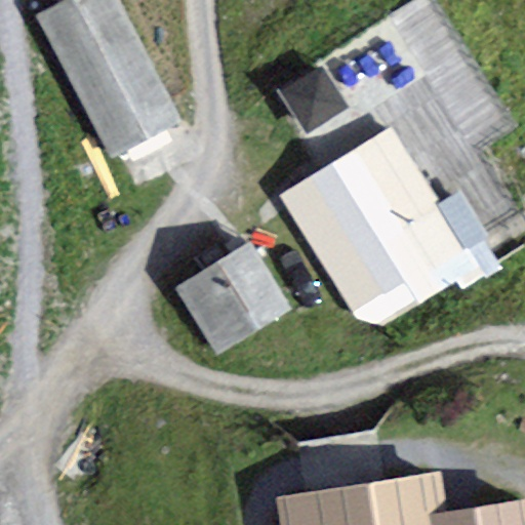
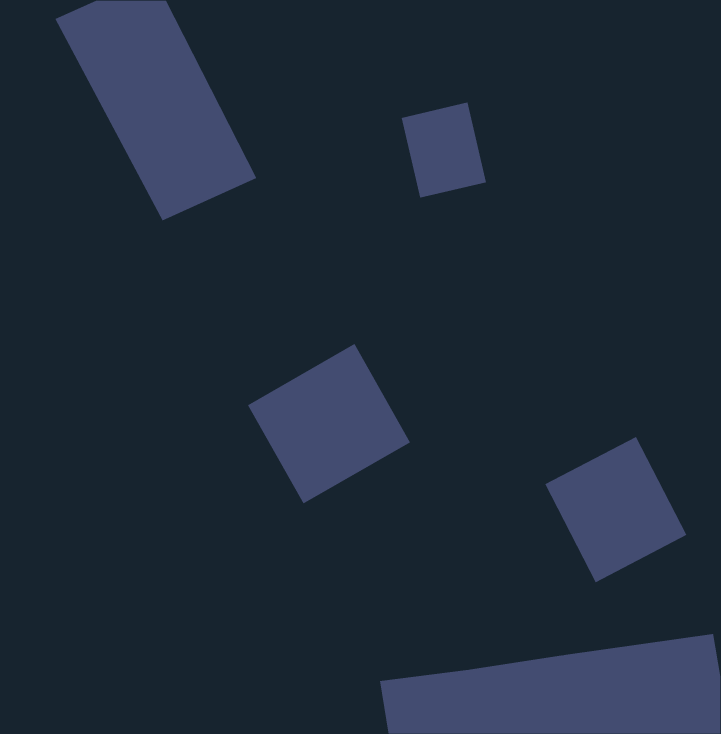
building: [274,134,463,307] -> none
building: none -> [545,436,687,583]

